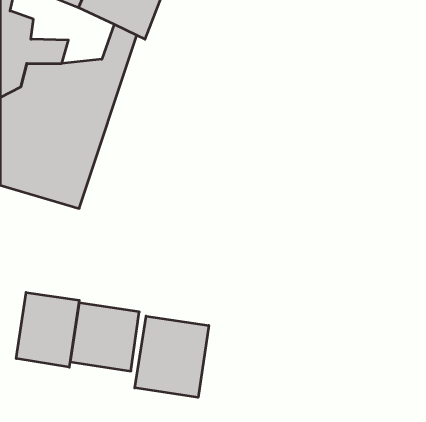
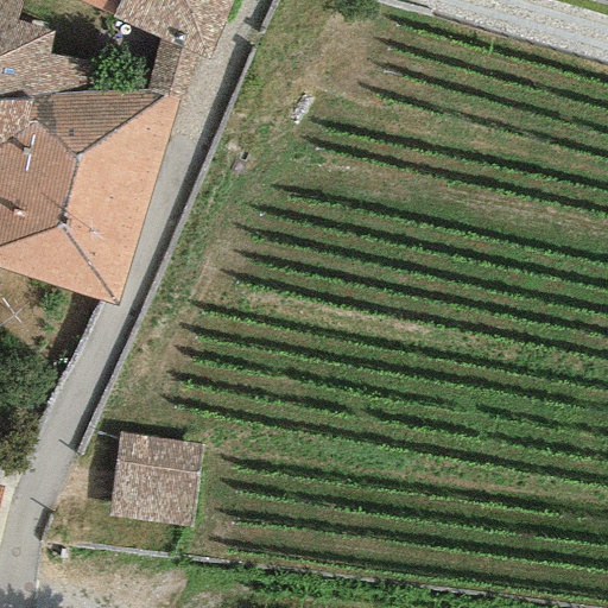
building: [16,292,79,367] -> none
building: [135,316,209,397] -> none

